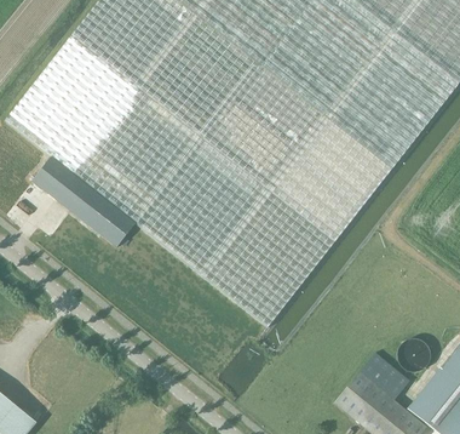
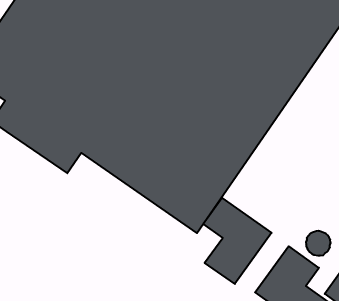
building: none -> [203,198,272,284]

